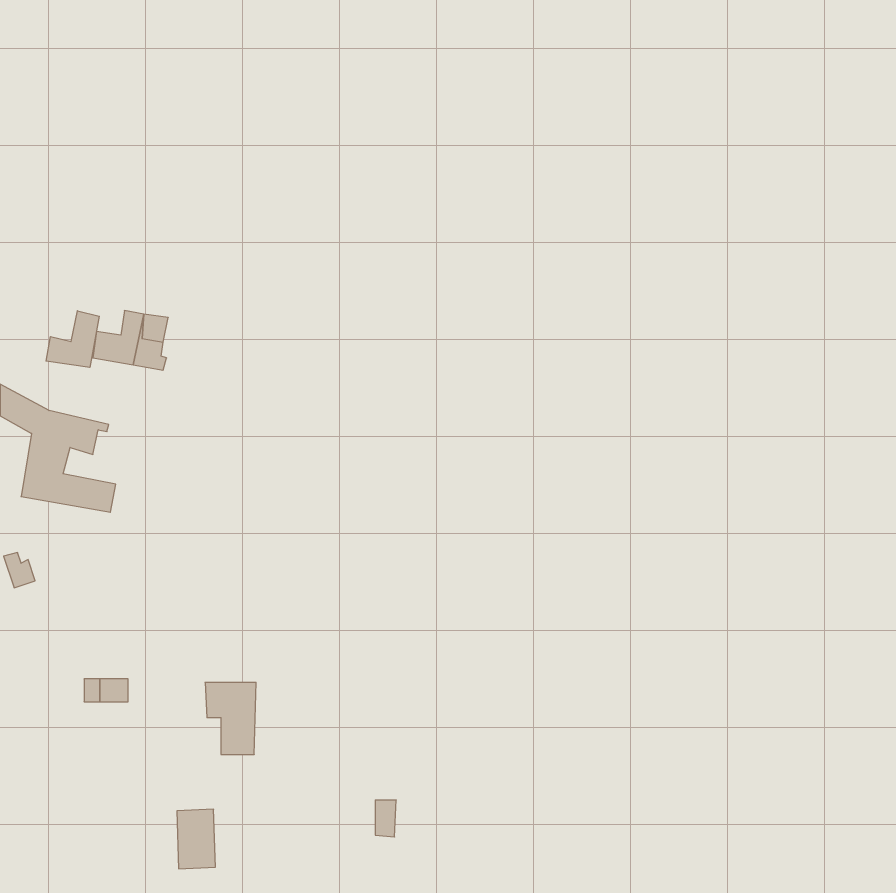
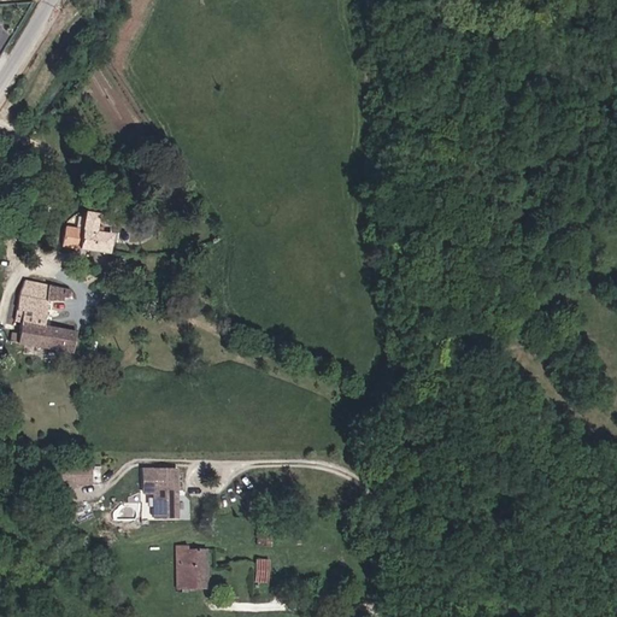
building: [46,311,99,367] -> none
building: [177,809,215,869] -> [177,547,204,588]

